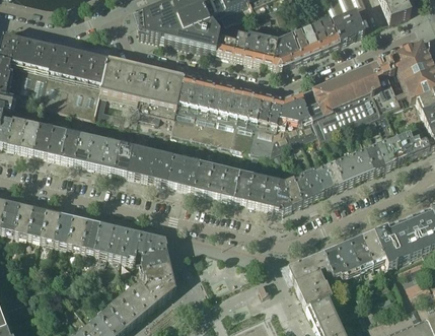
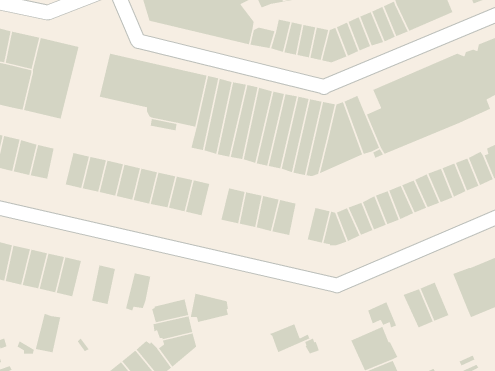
building: [71,51,108,113] -> none
building: [61,130,80,158] -> none
building: [180,157,201,186] -> none
building: [248,173,268,201] -> none
building: [80,217,100,249] -> [35,313,61,353]
building: [107,223,128,255] -> none
building: [361,227,385,260] -> none
building: [137,229,167,253] -> [190,293,229,323]
building: [323,244,348,274] -> none
building: [288,256,320,279] -> [269,323,311,353]

